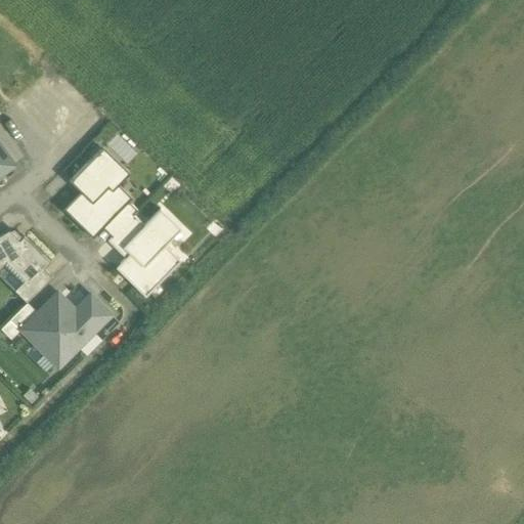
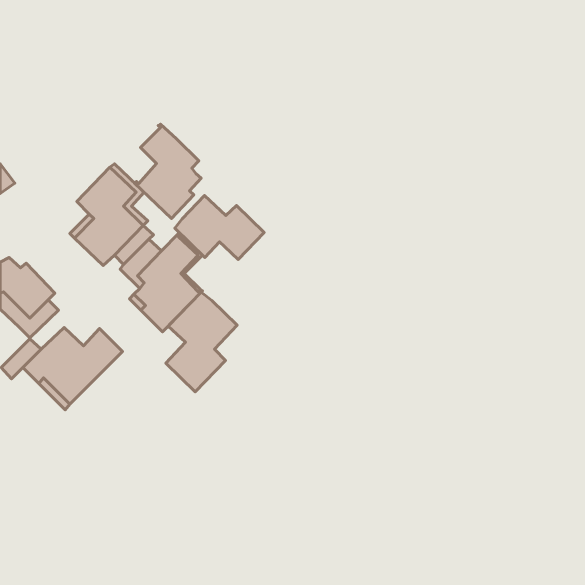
building: none -> [134,124,201,218]
building: none -> [175,196,264,259]
building: none -> [166,292,237,392]

